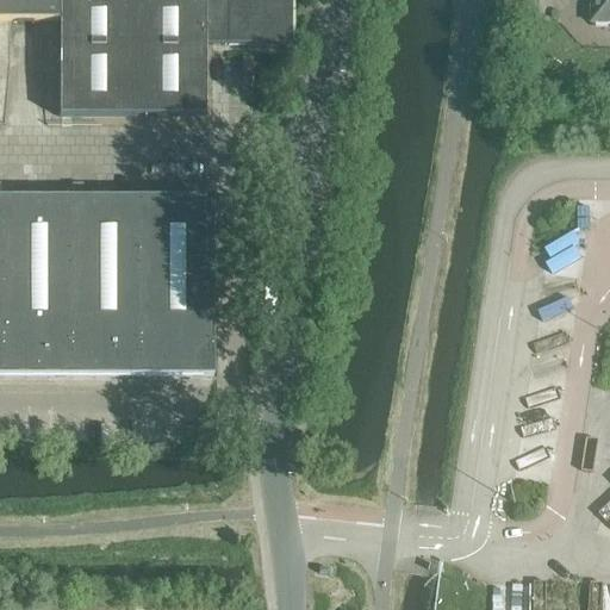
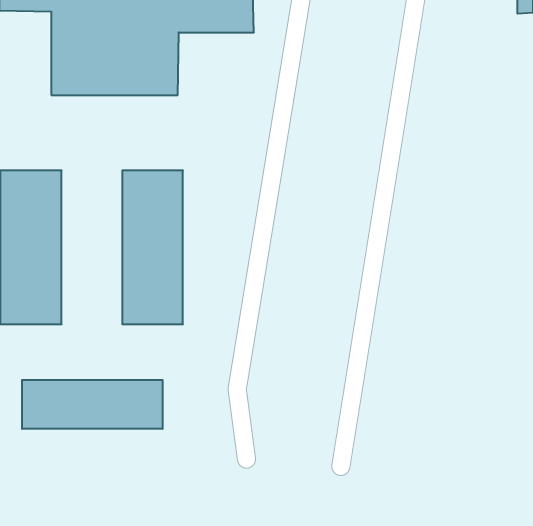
building: [70,194,139,369] -> none
building: none -> [22,380,163,429]

